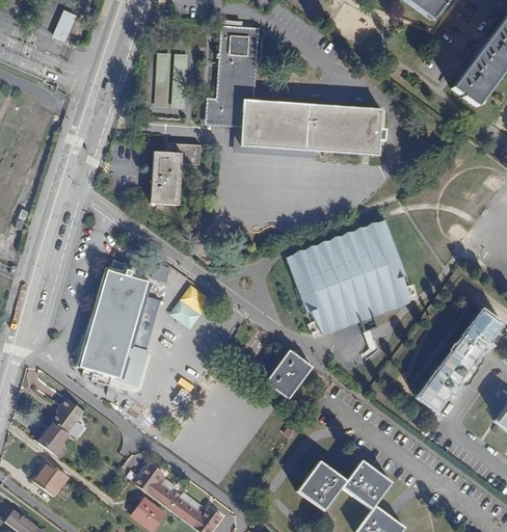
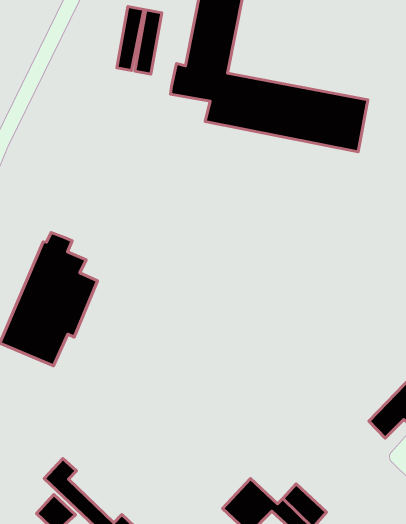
building: [150,142,201,205] -> none
building: [286,220,408,336] -> none
building: [265,349,312,399] -> none

